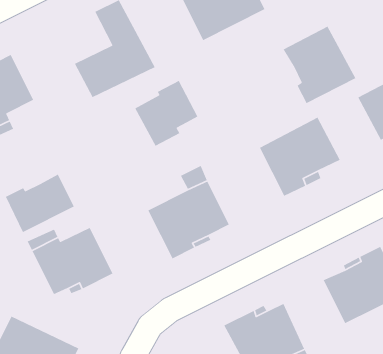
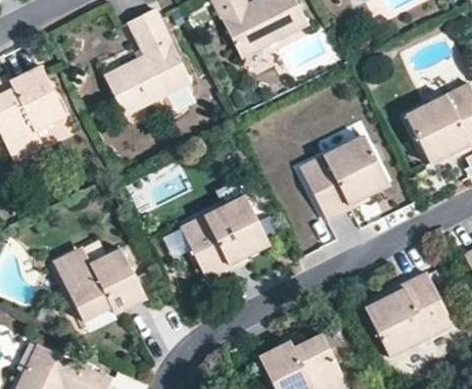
building: [283,25,356,104] -> none
building: [134,80,199,147] -> none
building: [5,173,75,233] -> none

